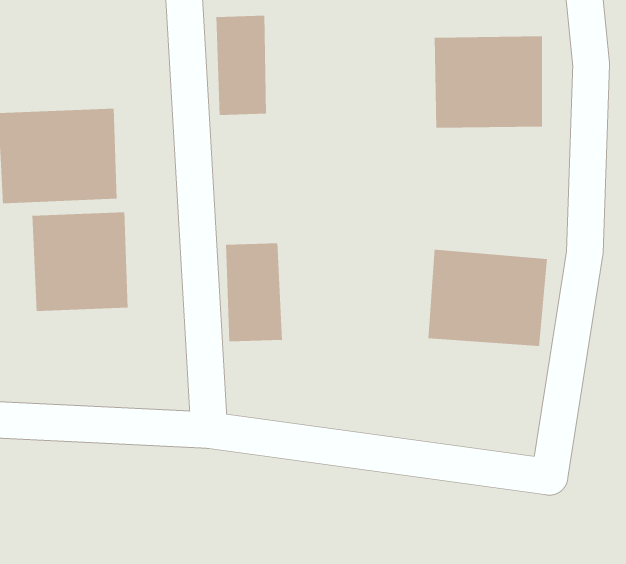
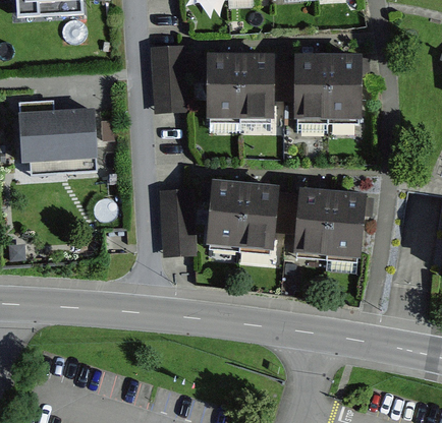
building: none -> [207,59,275,118]
building: [31,211,128,312] -> none
building: none -> [205,187,277,247]

